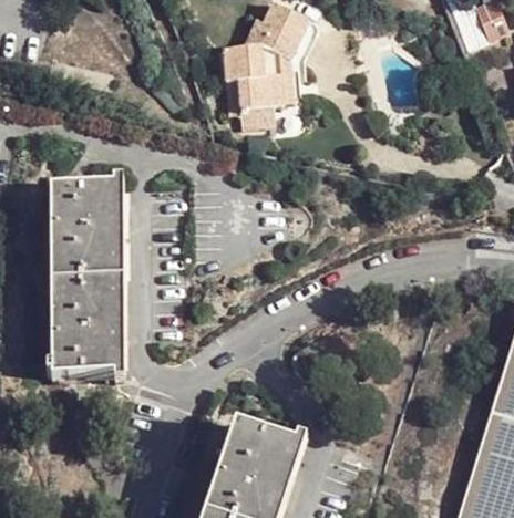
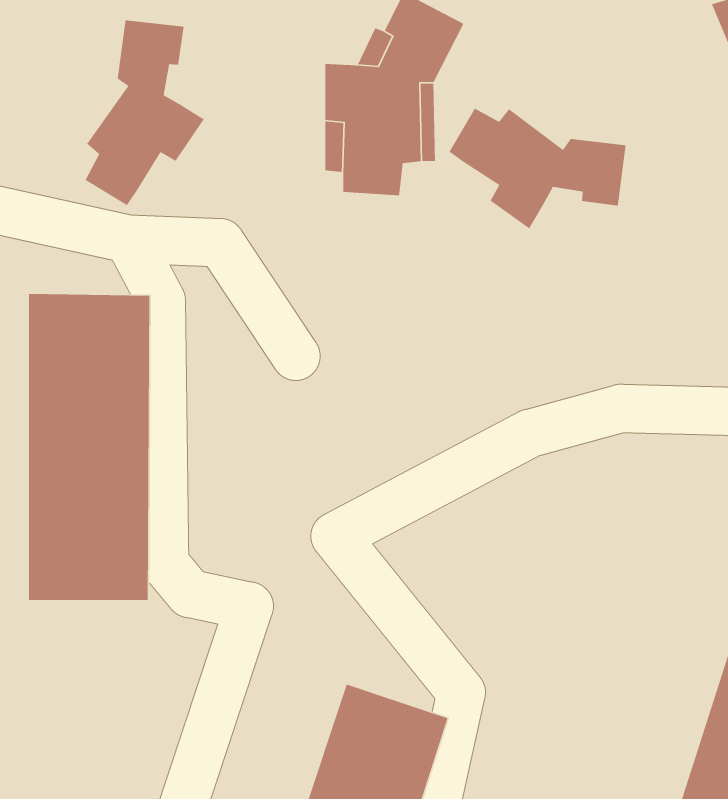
building: none -> [84,20,205,206]
building: none -> [448,107,626,229]

